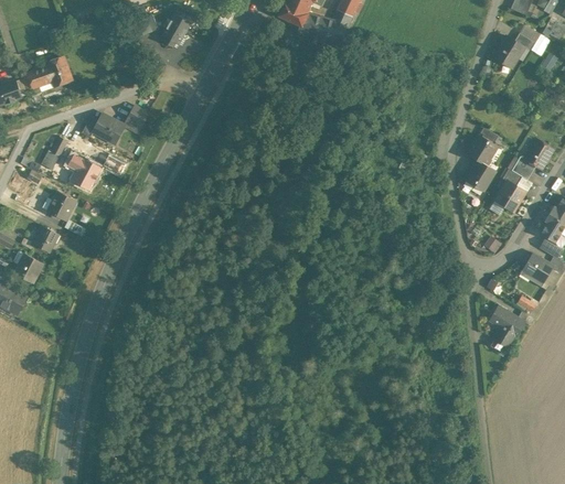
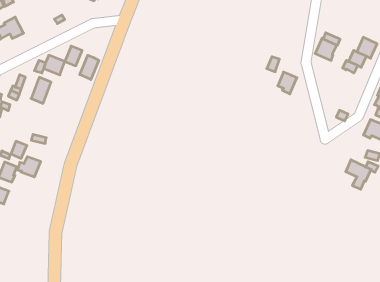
building: none -> [80,55,99,80]
building: [468,161,495,192] -> [278,72,297,94]
building: [495,181,525,212] -> none
building: [43,192,76,221] -> [17,157,41,177]

